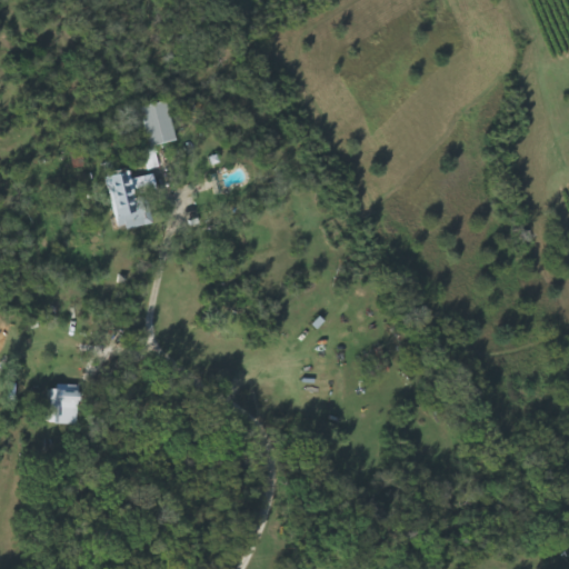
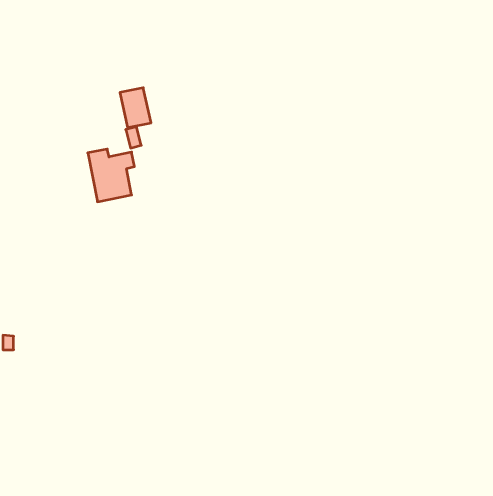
building: [46,383,78,423] -> none

